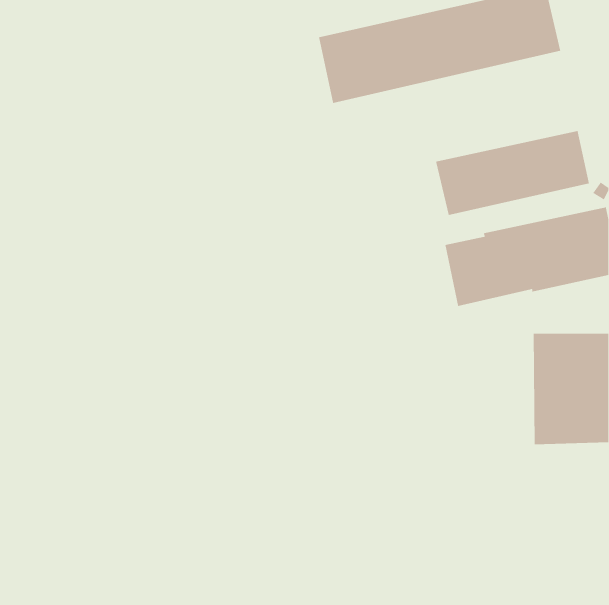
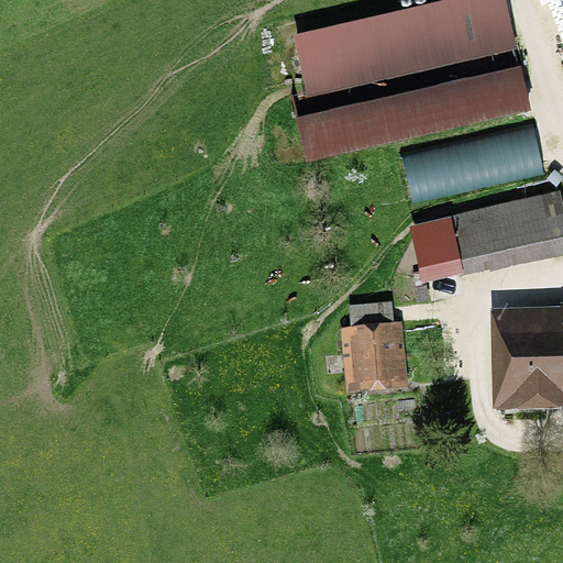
building: none -> [297,65,532,163]
building: none -> [341,299,408,391]

